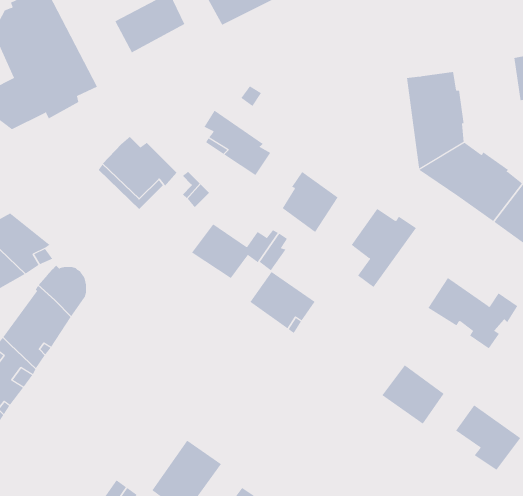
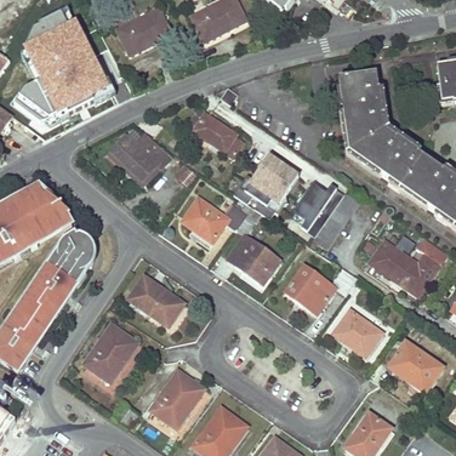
building: none -> [284,263,357,309]
building: none -> [127,274,183,325]
building: none -> [82,321,138,381]

